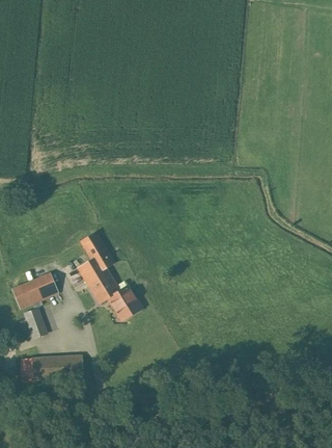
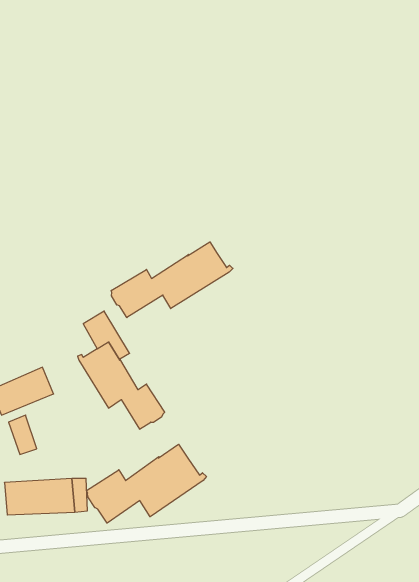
building: none -> [111,242,233,318]
building: none -> [87,444,206,523]

